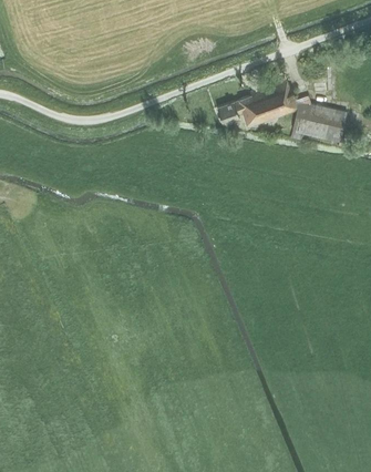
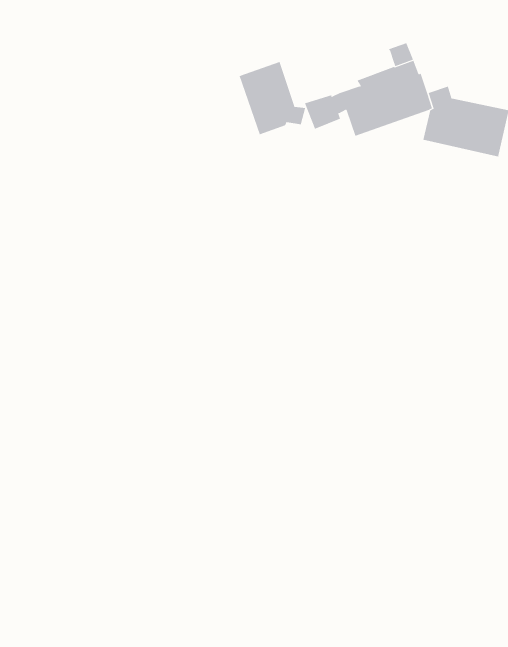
building: none -> [239,61,306,135]

